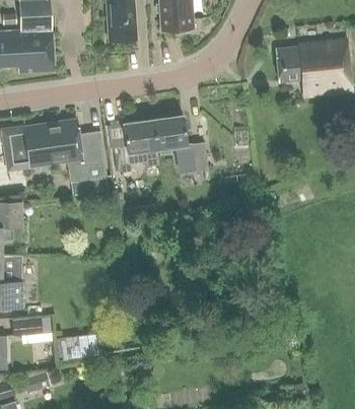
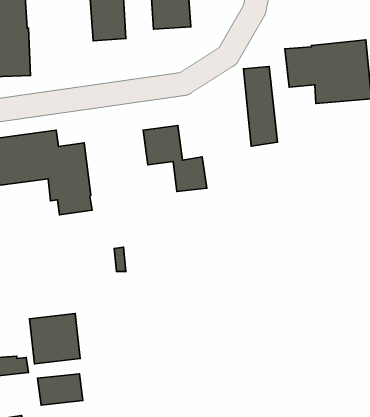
building: none -> [244,66,277,146]
building: [114,120,157,172] -> none
building: none -> [30,314,80,364]

